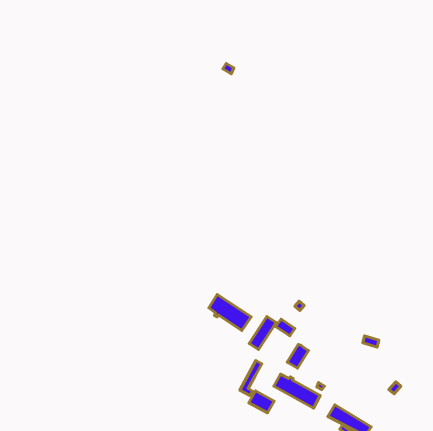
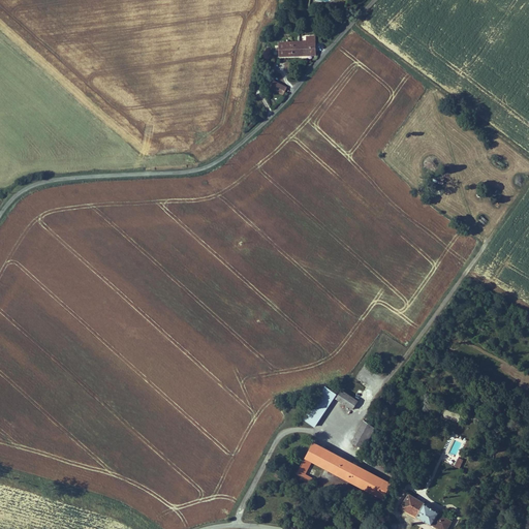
building: none -> [278,34,316,54]
building: [209,295,251,331] -> none
building: [249,391,274,413] -> [311,446,342,473]

